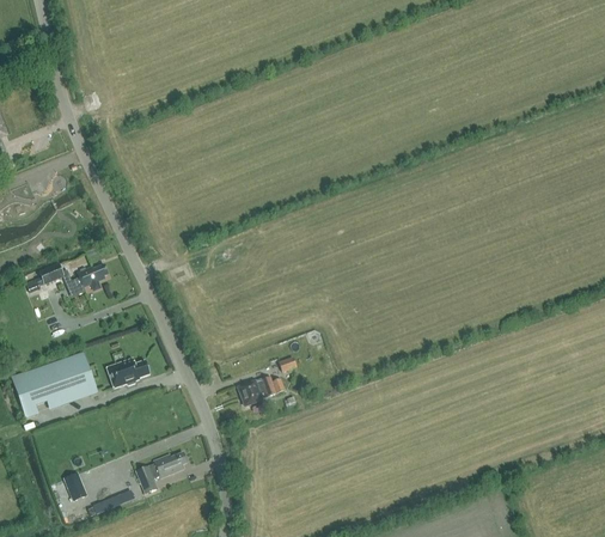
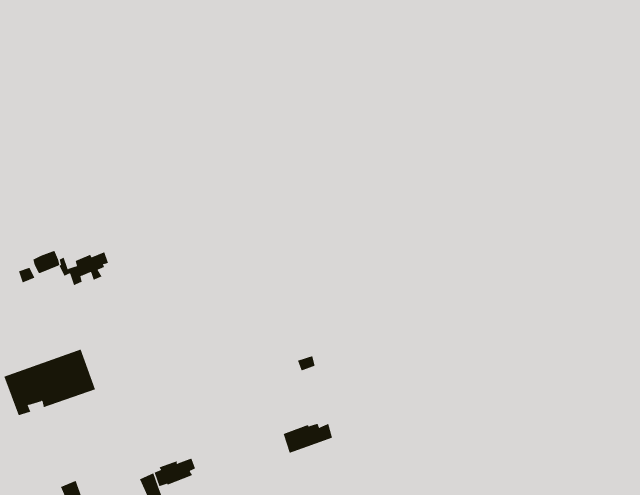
building: [106,358,149,388] -> none
building: [238,378,283,405] -> [283,423,333,454]

